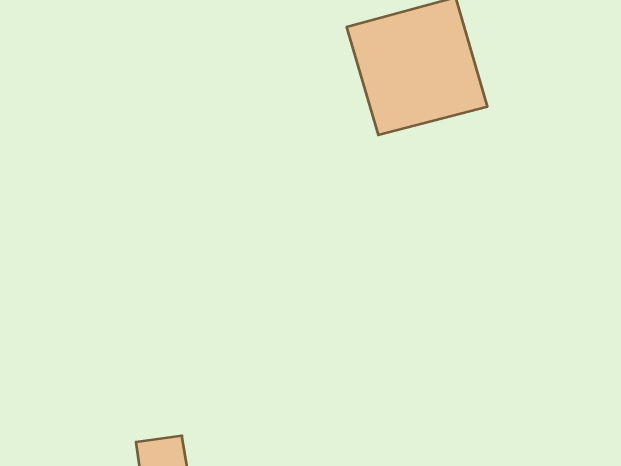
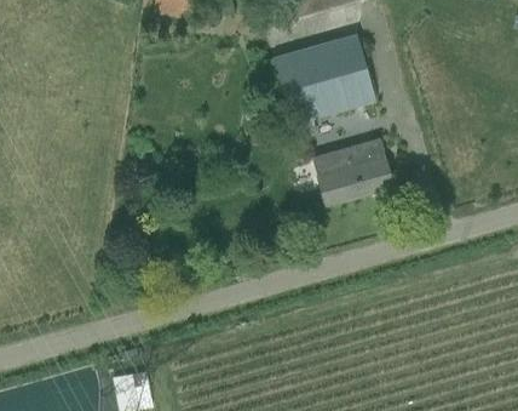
building: none -> [312,136,392,205]

